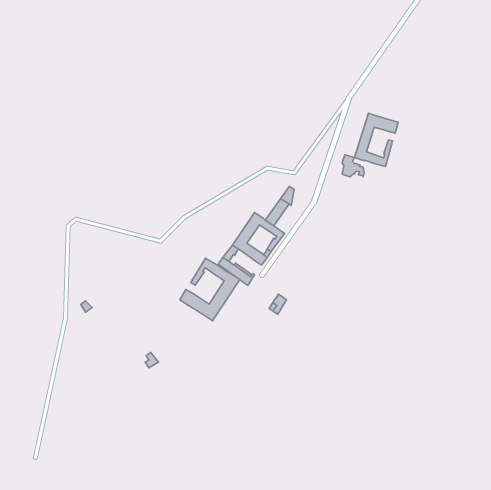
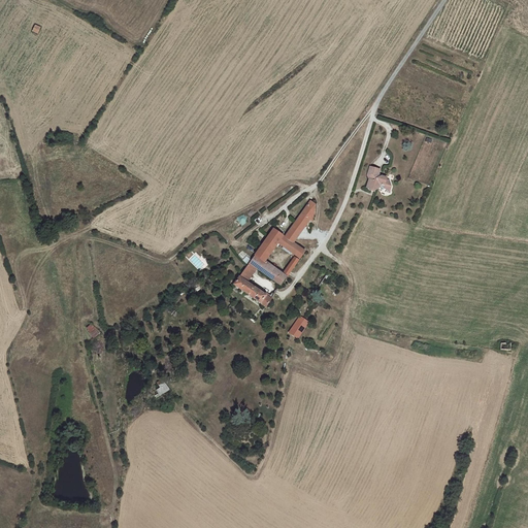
building: [355,113,398,167] -> none
building: [180,258,240,321] -> none

